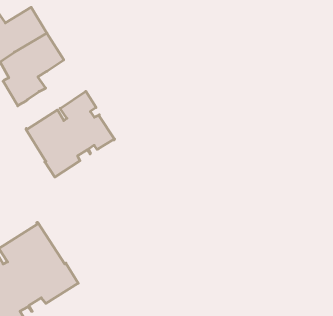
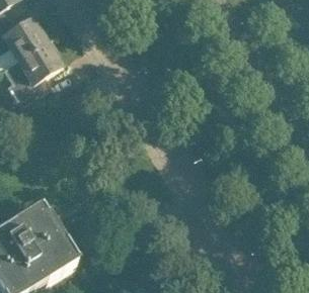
building: [26,91,115,177] -> none

